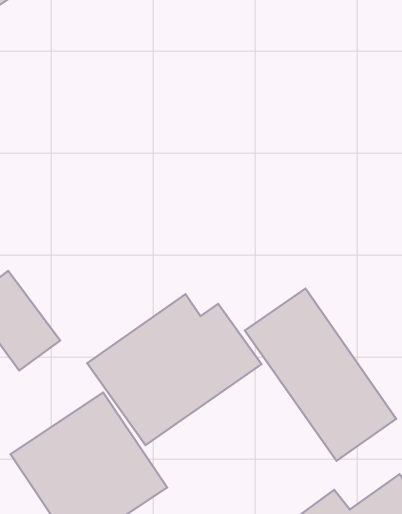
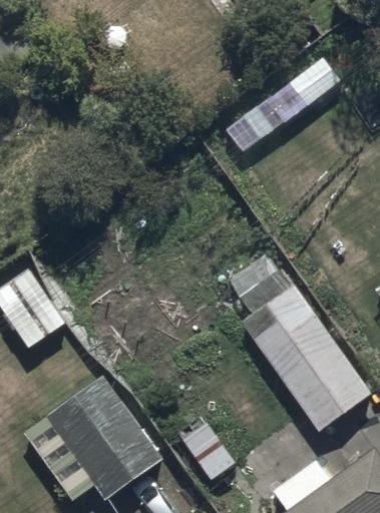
building: [87,294,261,445] -> none

